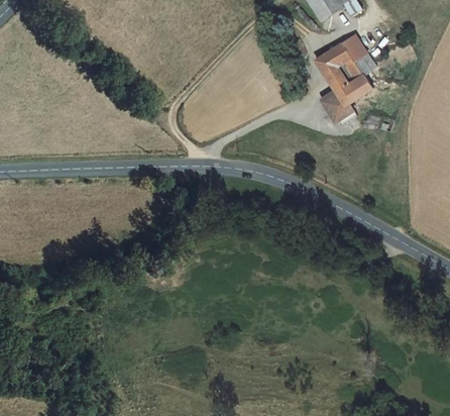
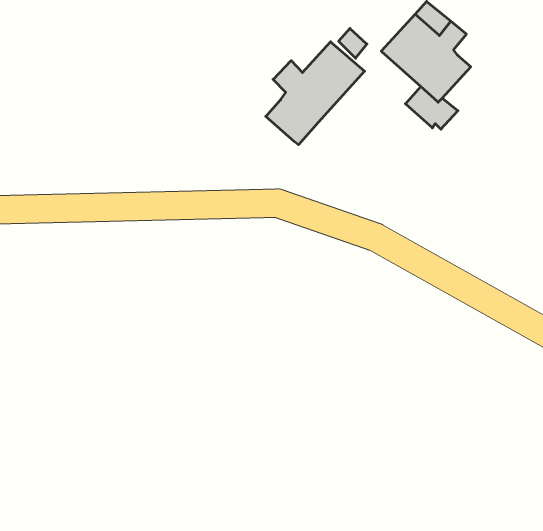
building: none -> [266,42,365,145]

